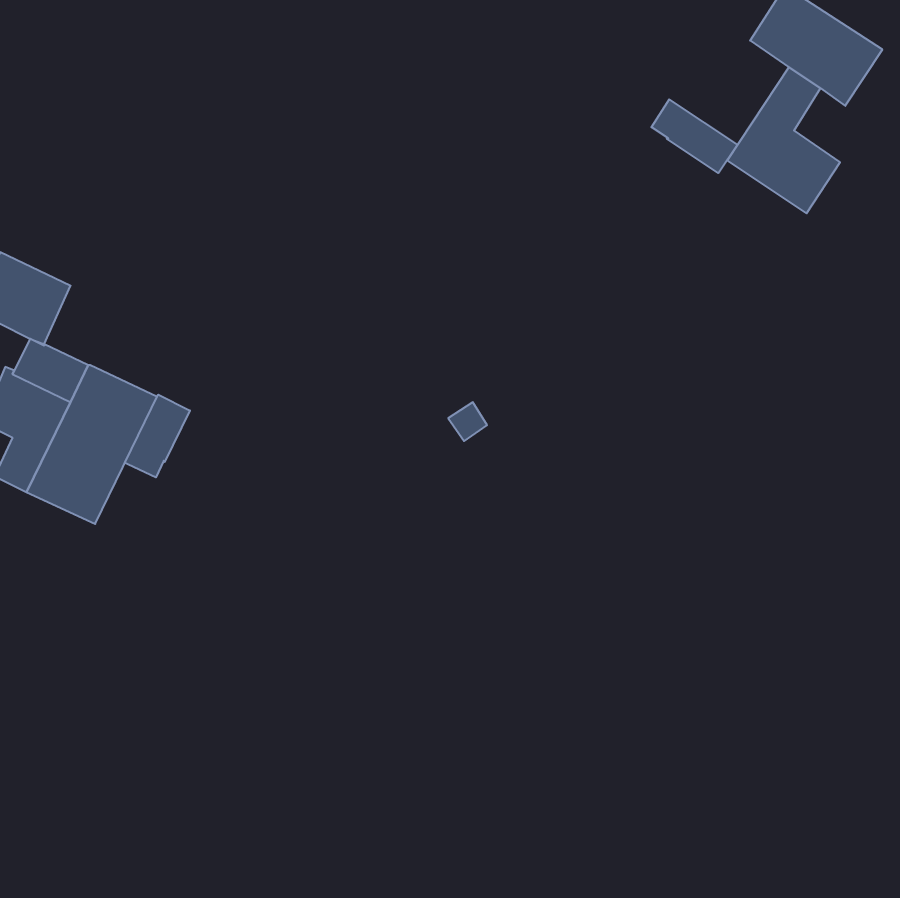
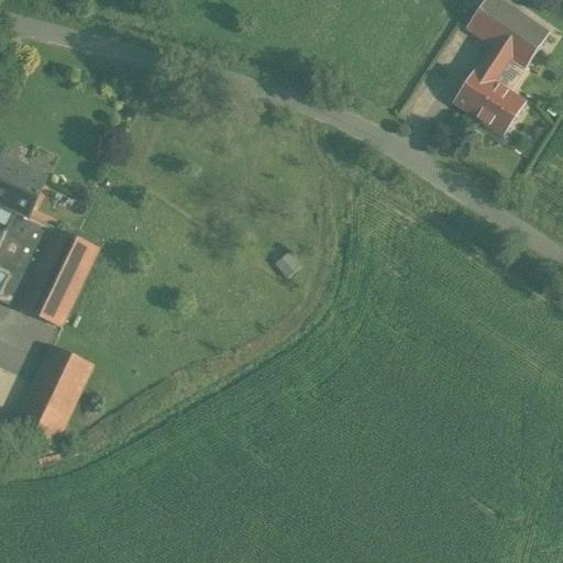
building: [651,99,738,173] -> none
building: [125,395,190,477] -> none
building: none -> [11,344,91,446]

